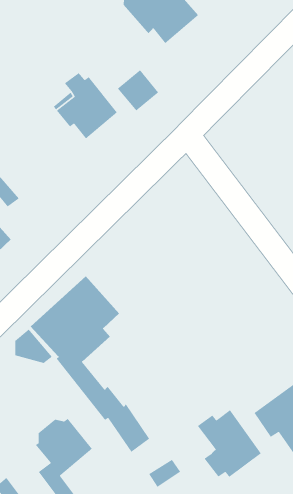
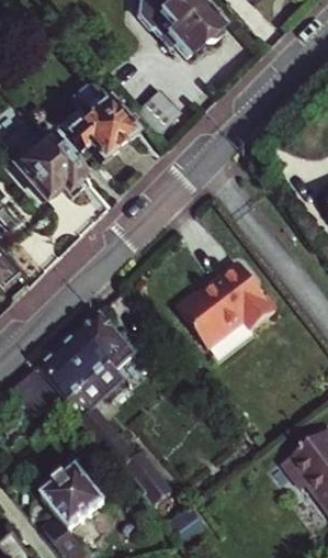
building: none -> [11,131,83,199]
building: none -> [177,263,276,347]
building: [197,409,262,478] -> none

